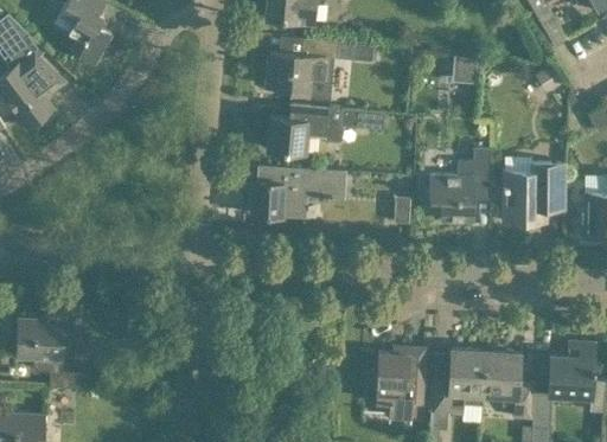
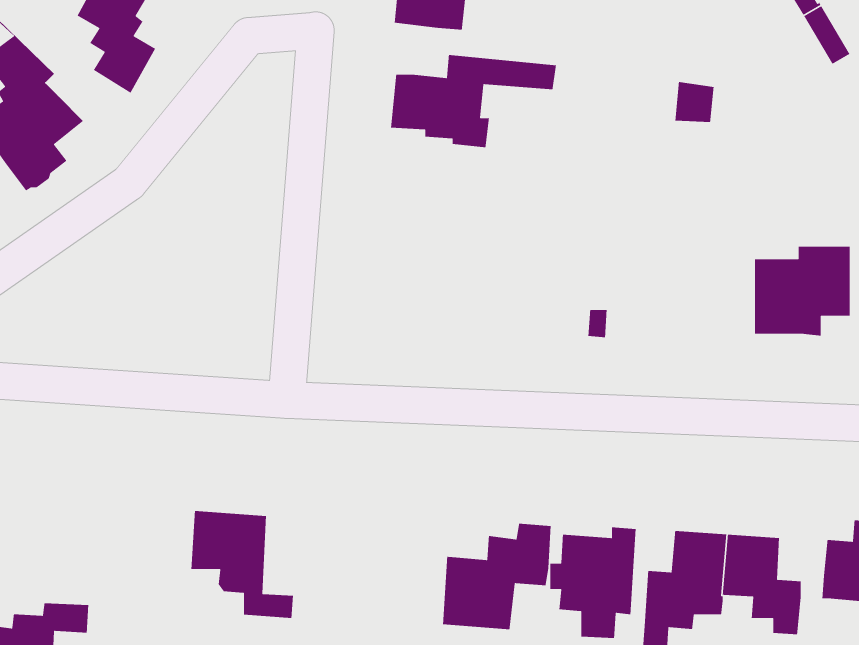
building: [267,104,384,154] -> none
building: [429,149,490,222] -> none
building: [249,166,343,218] -> none
building: [14,318,82,389] -> [191,510,294,619]
building: none -> [442,523,552,630]

